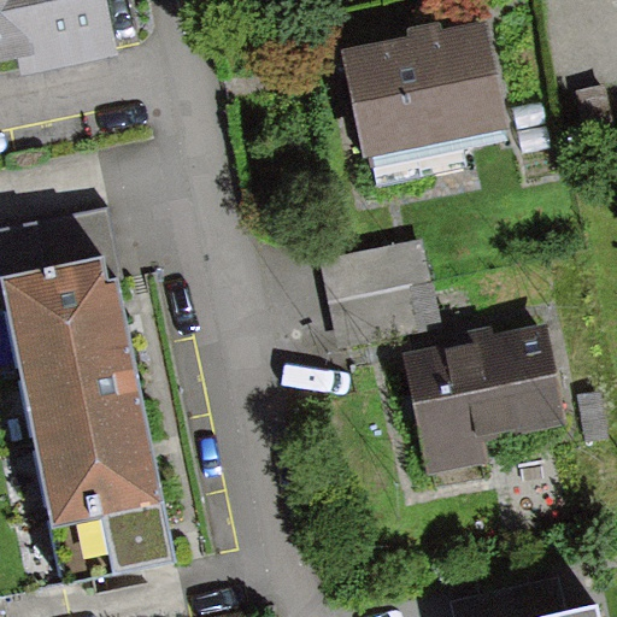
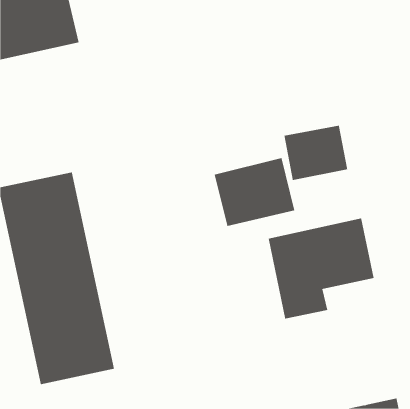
building: [345,19,503,146] -> none
building: none -> [284,125,348,181]

